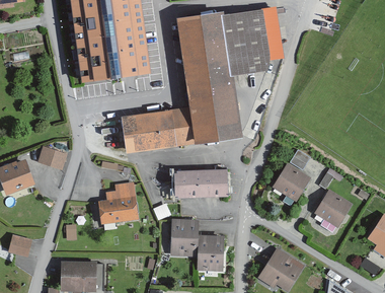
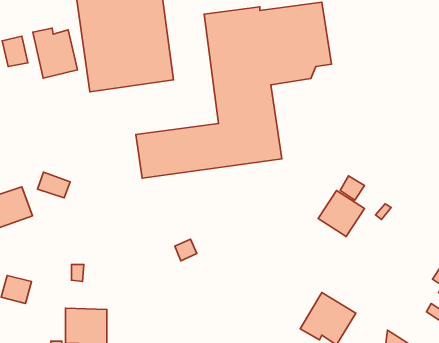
building: none -> [33,28,78,78]
building: [173,169,227,198] -> none
building: [97,184,138,225] -> none
building: [314,189,351,226] -> none
building: [170,220,224,272] -> none

